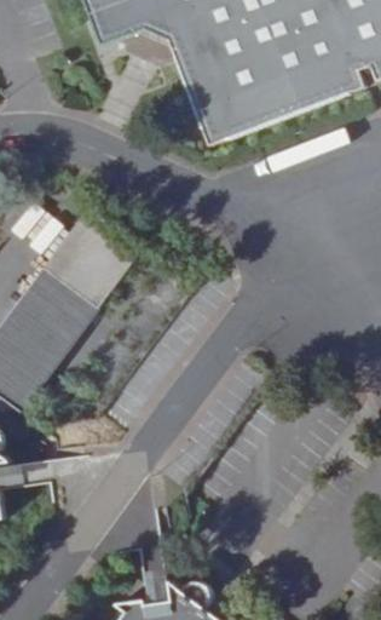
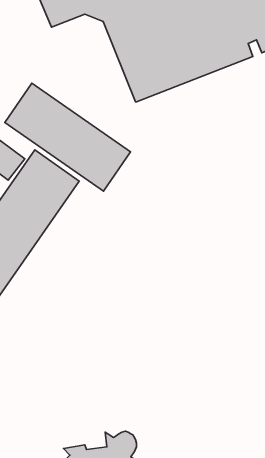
building: none -> [5,83,131,191]

